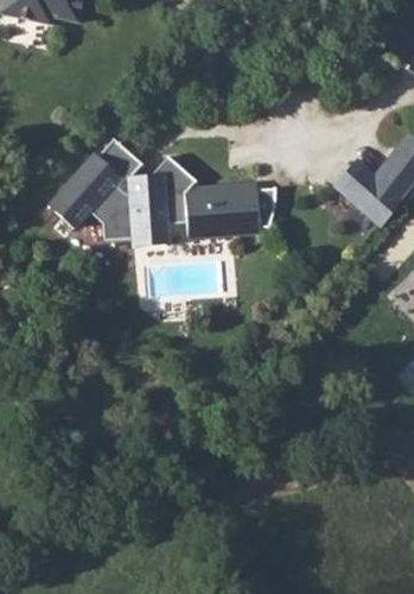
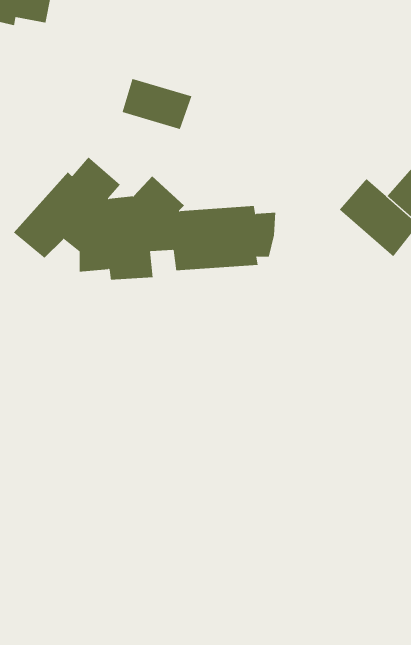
building: none -> [122,78,192,130]

